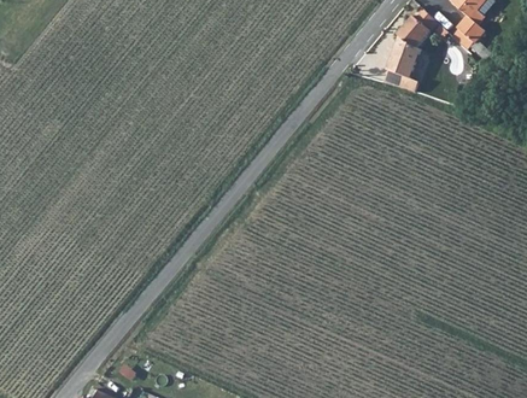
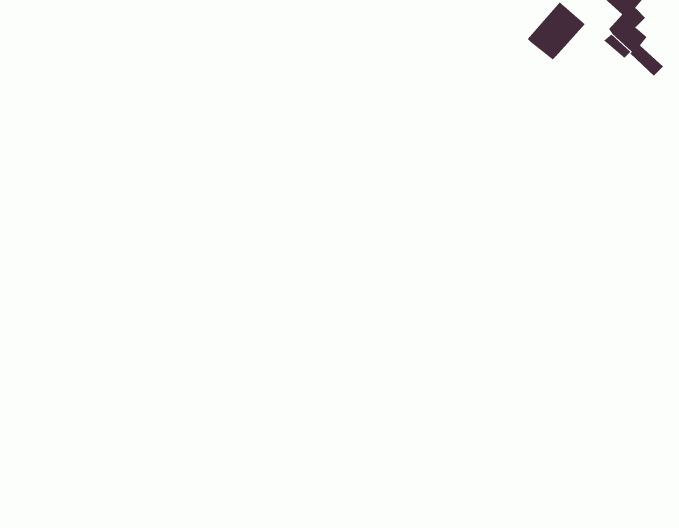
building: [388,34,418,87] -> none

